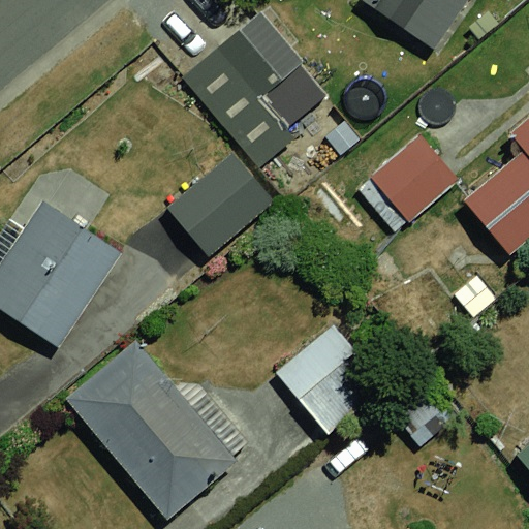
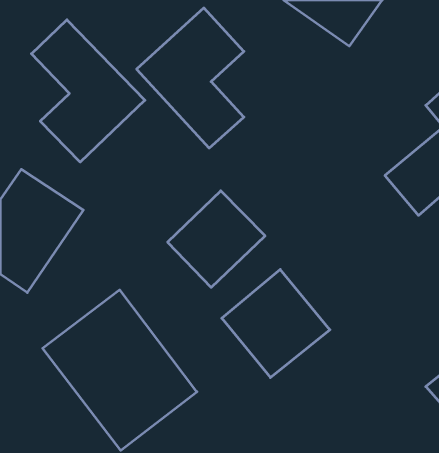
building: none -> [31,20,145,162]
building: [368,127,456,213] -> none
building: [167,150,281,262] -> [168,191,265,287]

